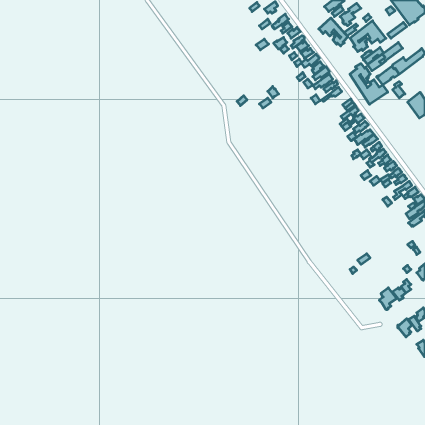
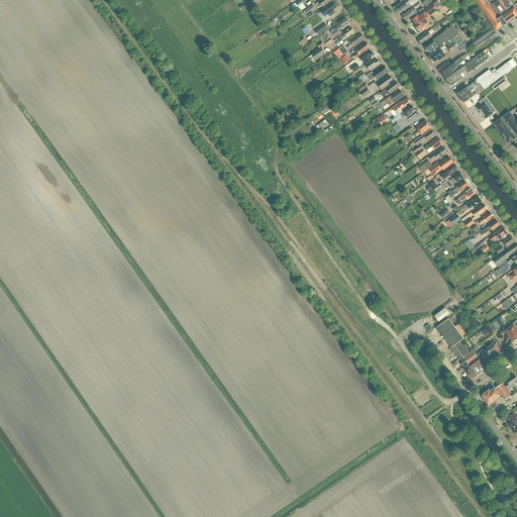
building: [319,18,348,46] -> none
building: [350,64,388,104] -> none
building: none -> [436,318,472,358]

